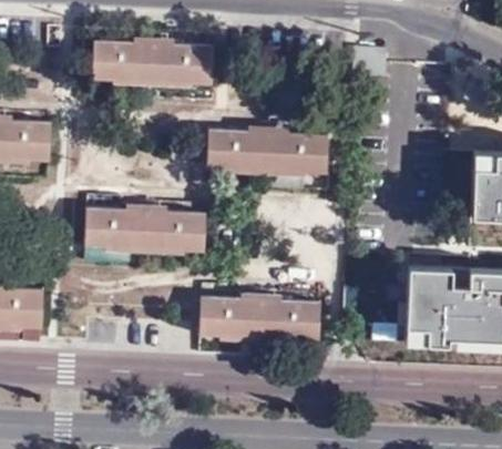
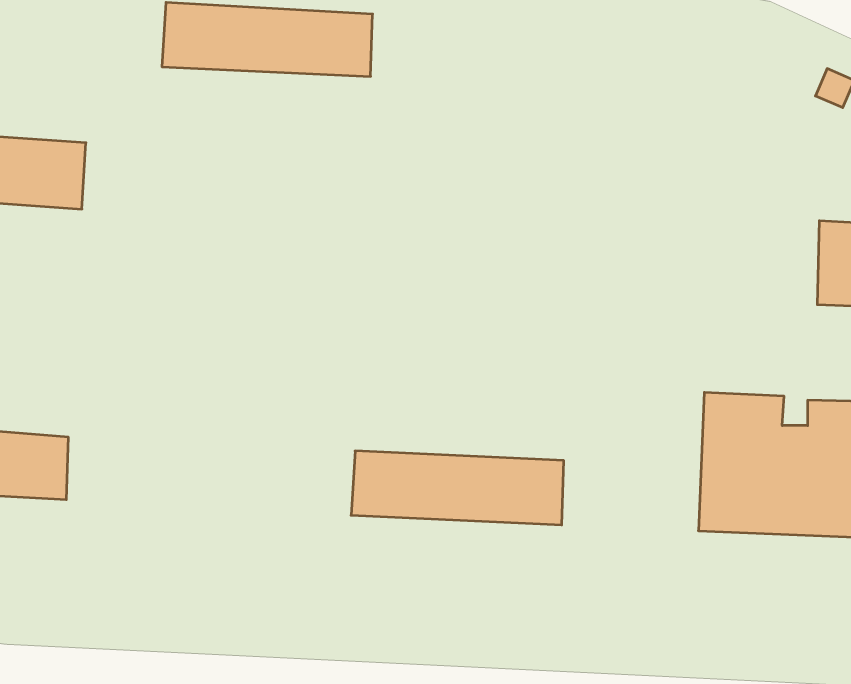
building: [208,130,329,173] -> none
building: [85,208,206,252] -> none

